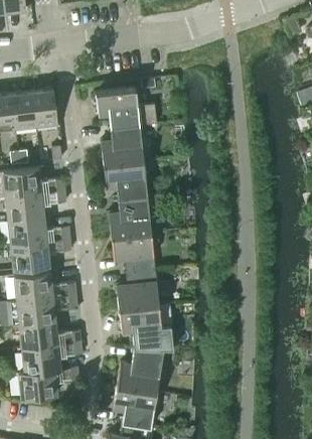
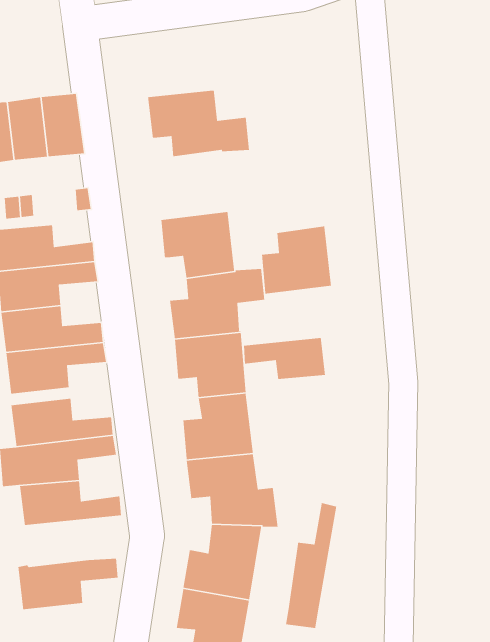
building: [102,124,144,165] -> [261,226,332,295]
building: none -> [243,337,326,380]
building: none -> [285,502,337,629]
building: [22,342,83,373] -> none

